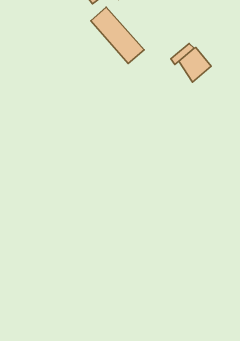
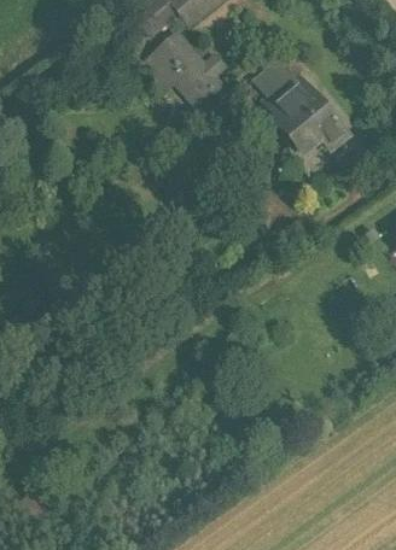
building: none -> [261,64,299,104]

